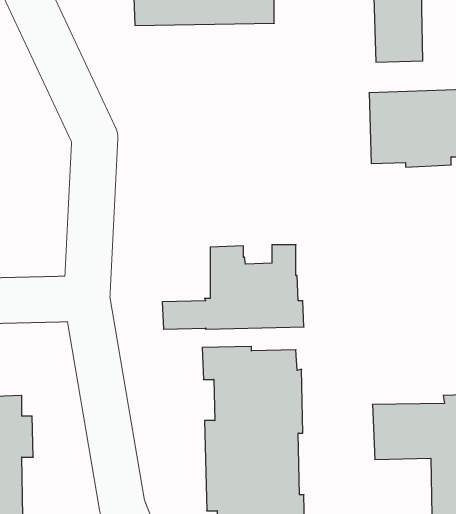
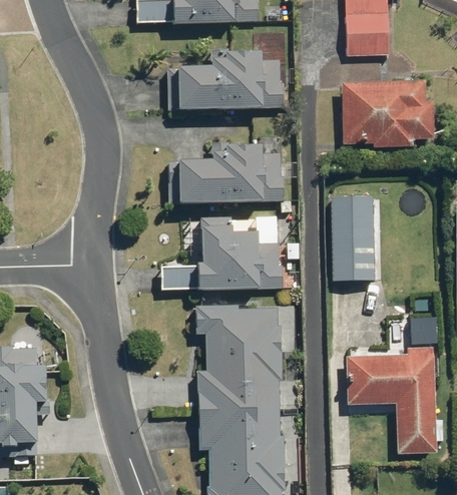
building: none -> [167,48,285,110]
building: none -> [168,141,286,203]
building: none -> [331,195,376,281]

